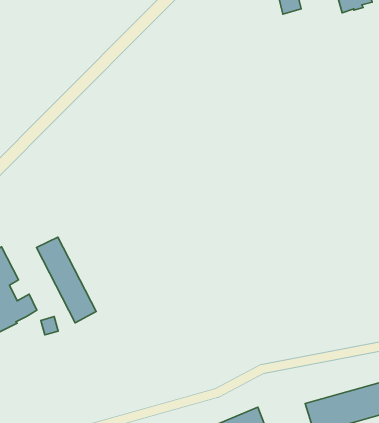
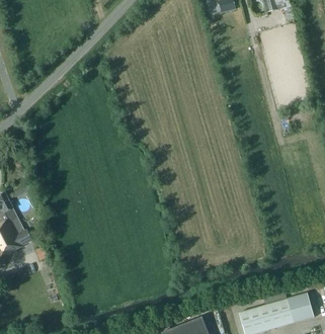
building: [36,237,96,323] -> none

